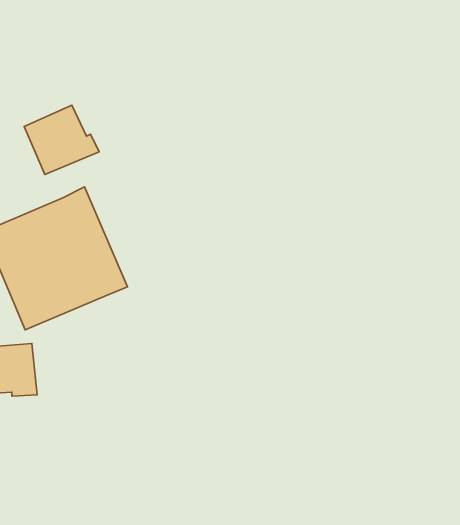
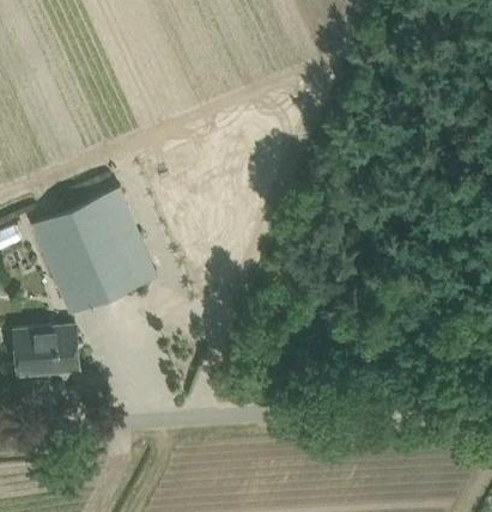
building: [24,105,99,174] -> none

